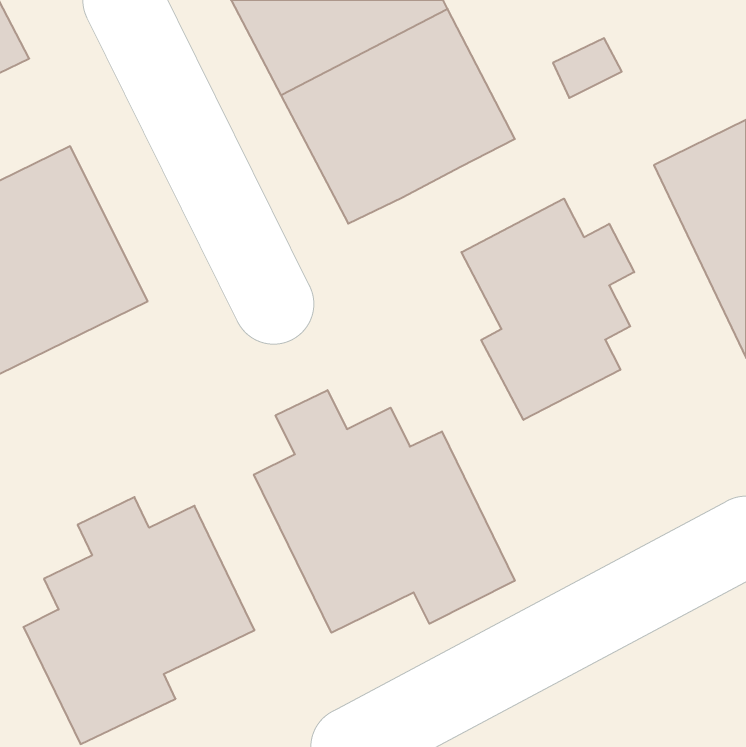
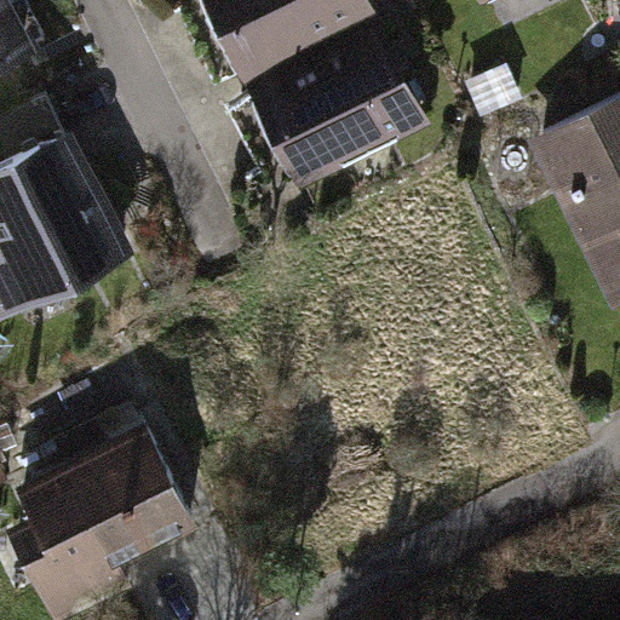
building: [461,199,634,420] -> none
building: [254,390,515,633] -> none

